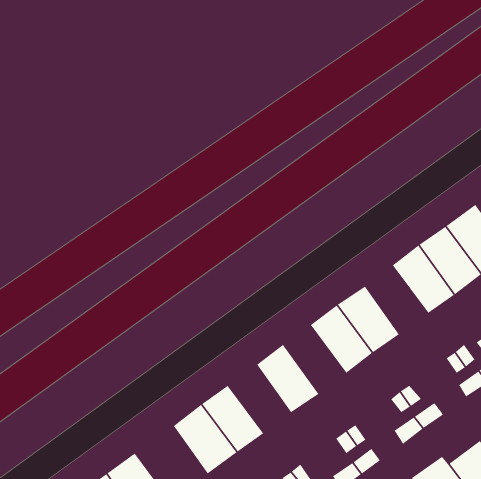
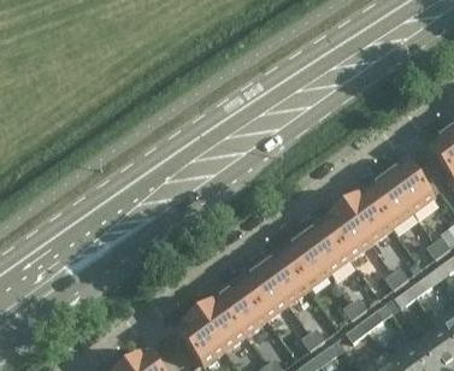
building: none -> [323,205,371,258]
building: none -> [260,251,308,304]
building: none -> [218,281,266,334]

